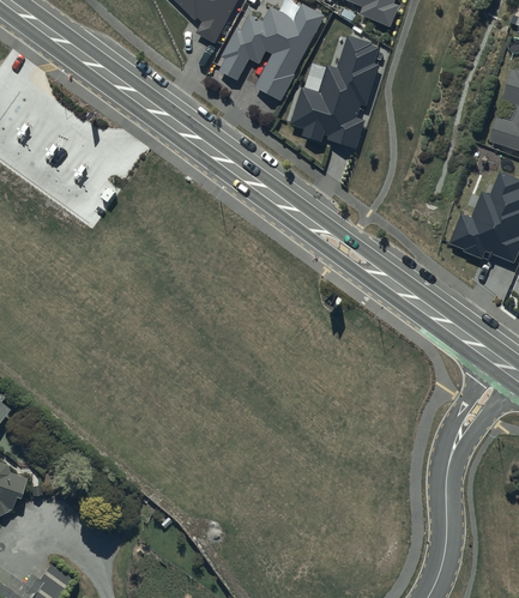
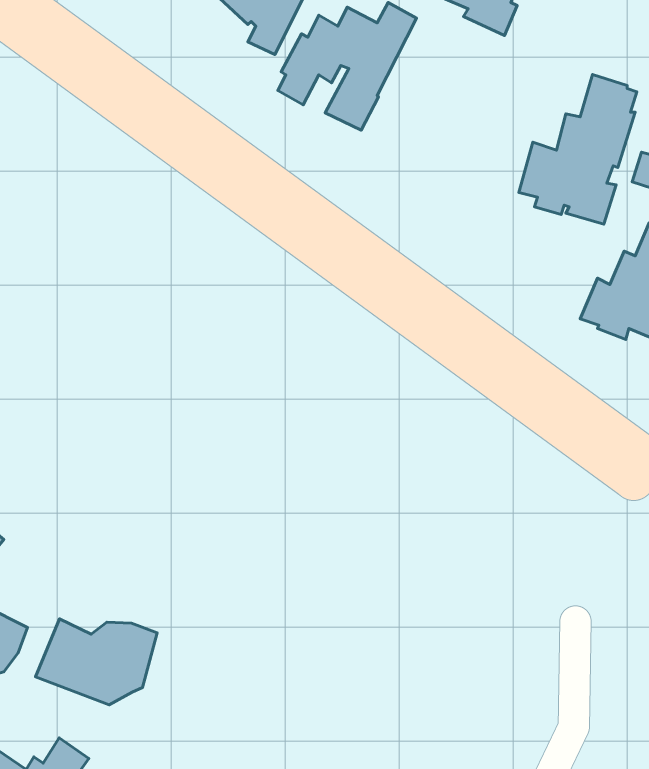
building: [291,35,381,149] -> [519,74,637,224]
building: none -> [35,619,157,705]

